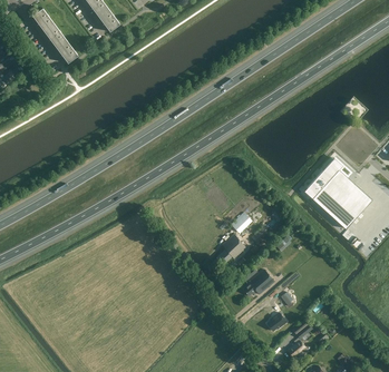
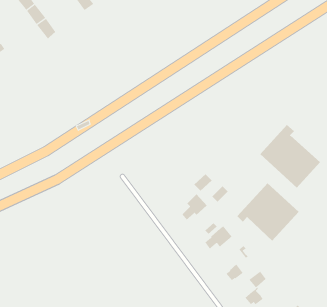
building: none -> [236,183,299,241]

